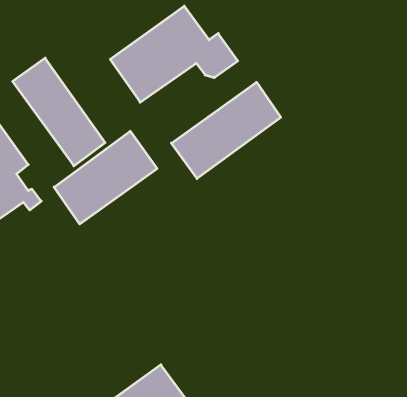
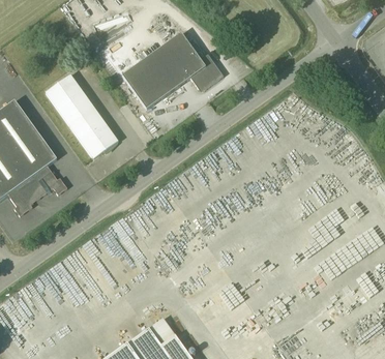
building: [171,82,281,179] -> none
building: [54,131,157,224] -> none

